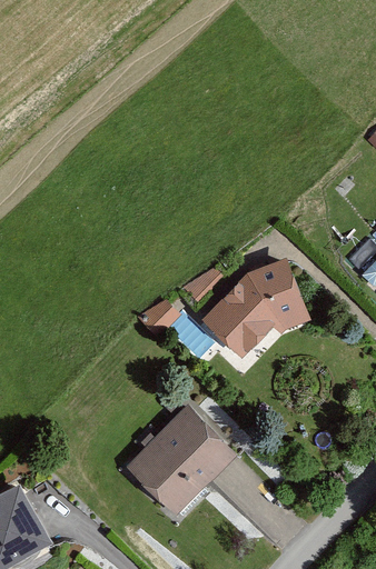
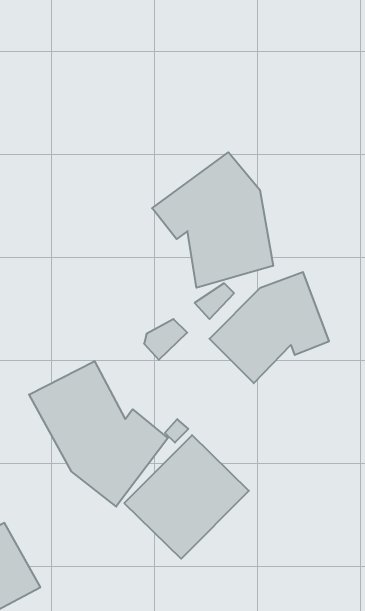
building: none -> [152,152,273,288]
building: none -> [29,361,168,507]

